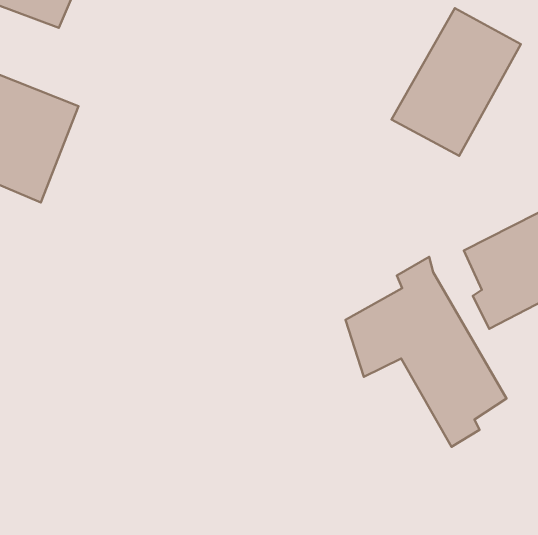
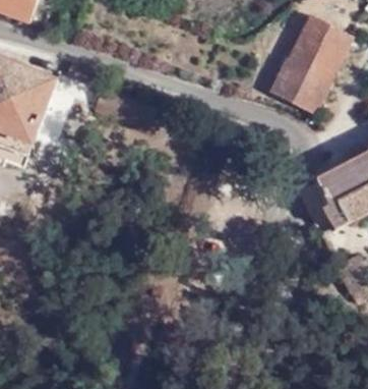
building: [346,257,506,447] -> none

